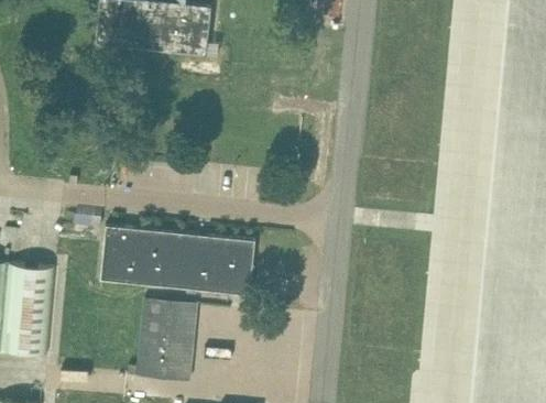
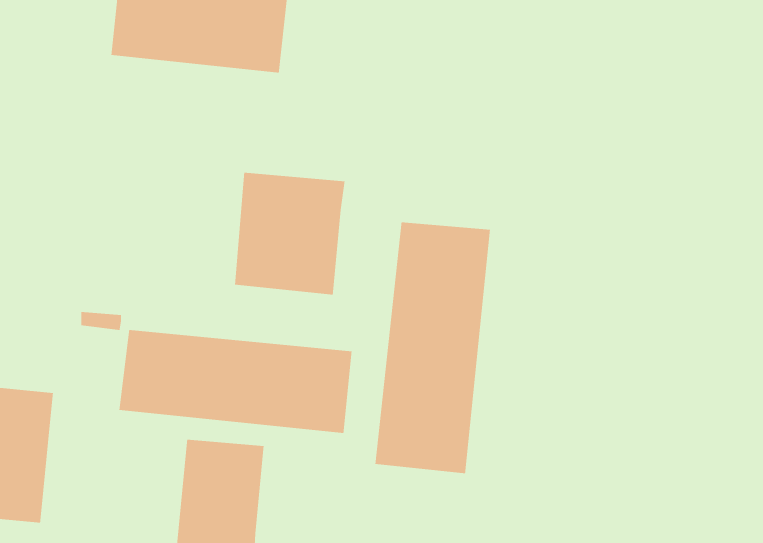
building: none -> [234,172,346,296]
building: none -> [374,222,491,474]

